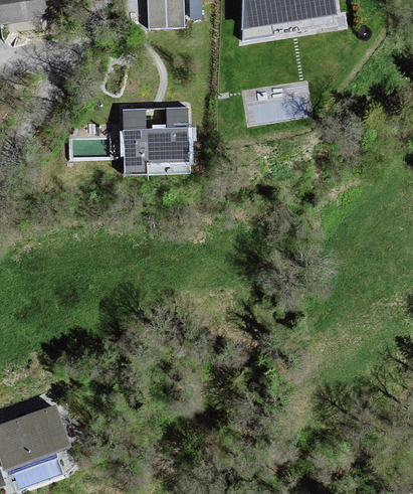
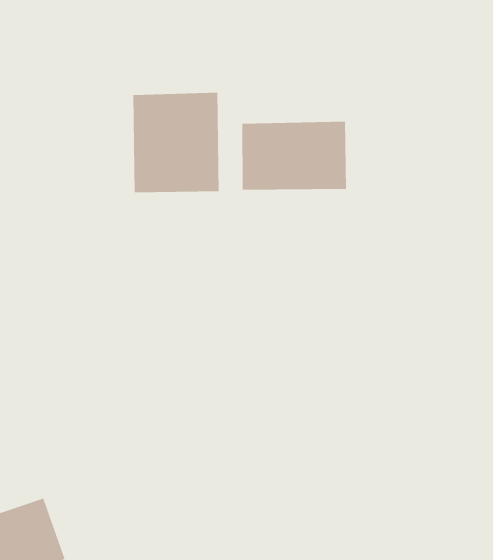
building: none -> [242,121,346,190]

